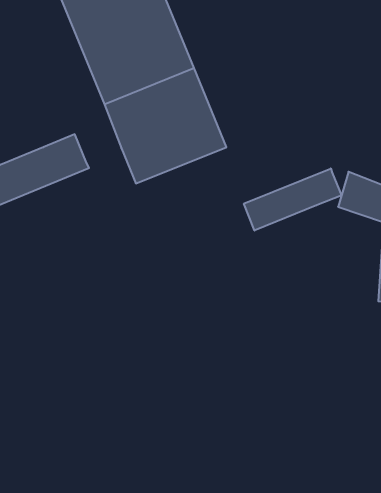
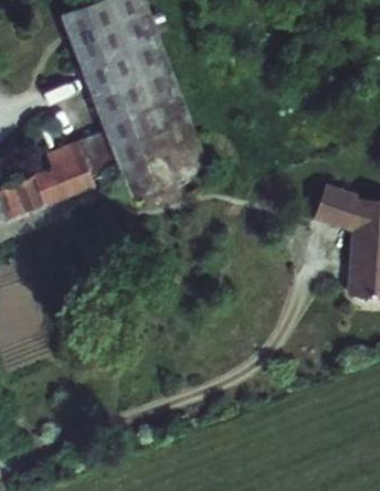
building: none -> [53,128,125,178]
building: [244,168,341,231] -> none

